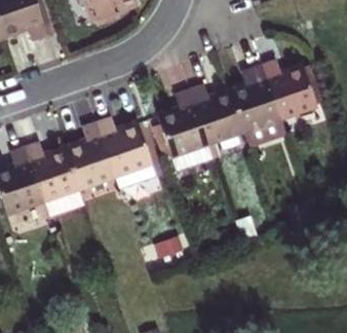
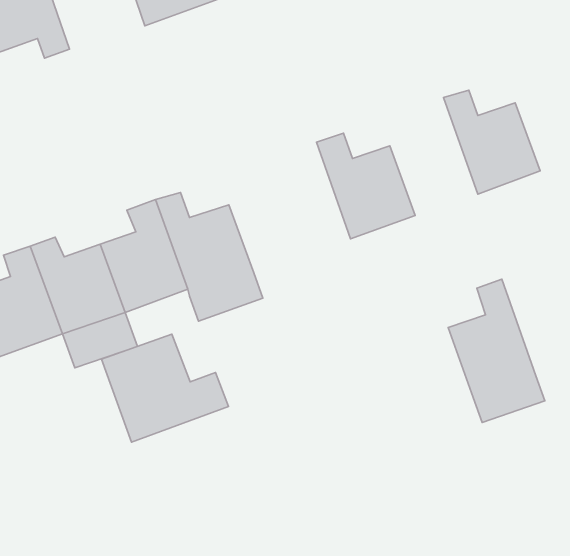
building: [231,62,286,144] -> [448,279,545,422]
building: [158,87,215,170] -> none
building: none -> [102,334,228,442]

